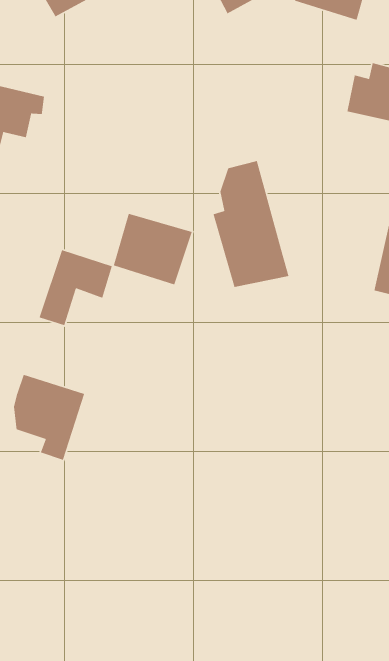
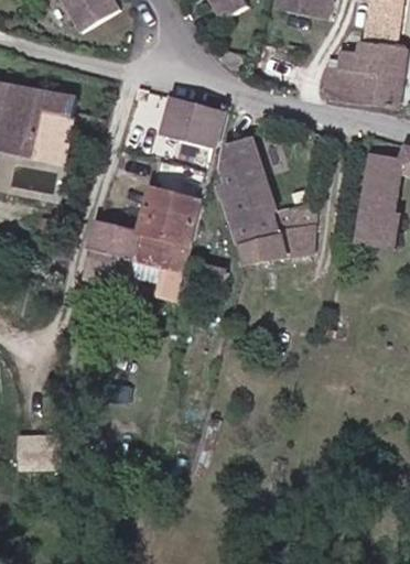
building: none -> [162,96,225,147]
building: none -> [239,198,317,265]
building: [13,374,85,461] -> [132,231,191,301]

